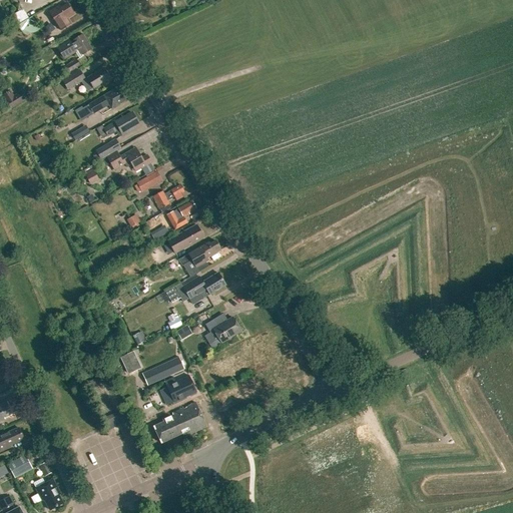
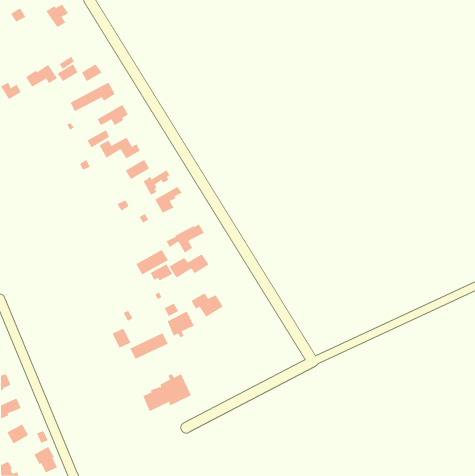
building: [58,34,93,59] -> [25,64,58,87]
building: [168,225,204,253] -> [135,249,169,275]
building: [167,375,197,404] -> [167,311,195,338]

